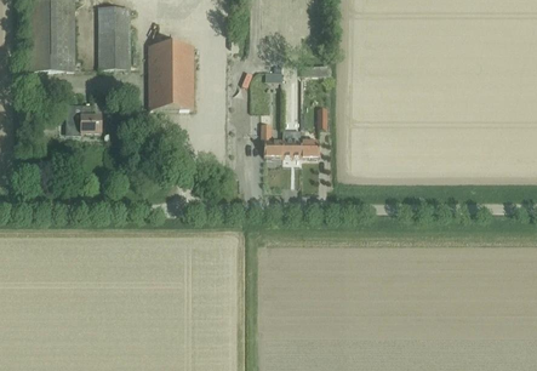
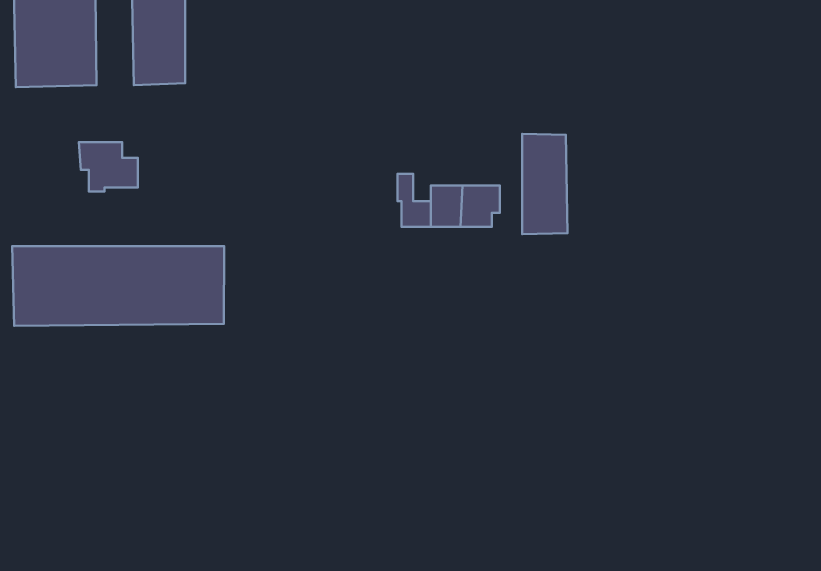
building: [148,45,193,108] -> none
building: none -> [522,134,567,234]
building: none -> [12,246,224,326]

